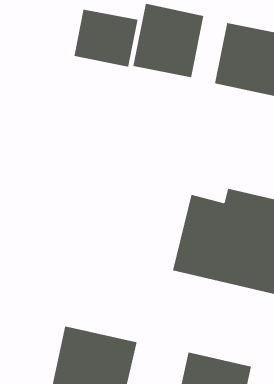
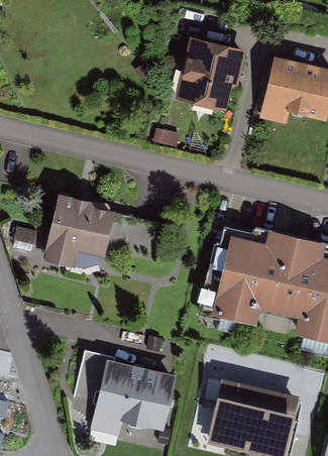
building: [74,9,138,68] -> none
building: none -> [48,202,113,267]

